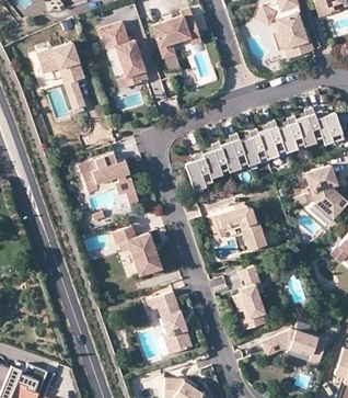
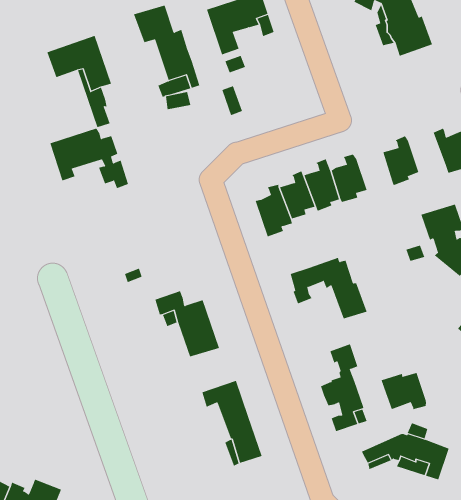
building: [297,107,323,145] -> none
building: [259,120,285,157] -> none
building: [79,152,136,196] -> [50,128,129,189]
building: none -> [381,372,426,410]

